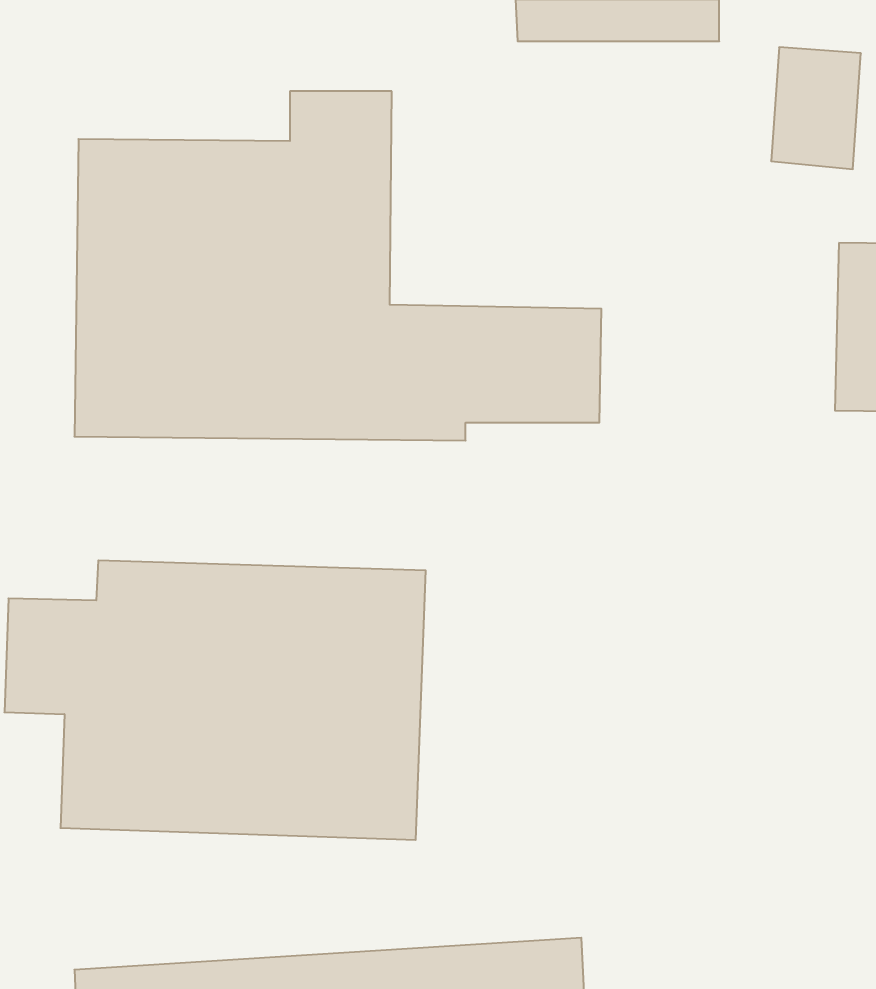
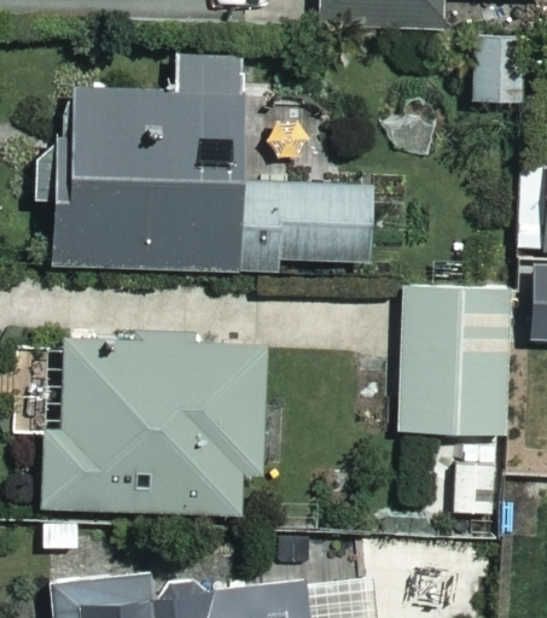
building: none -> [402,290,511,433]

